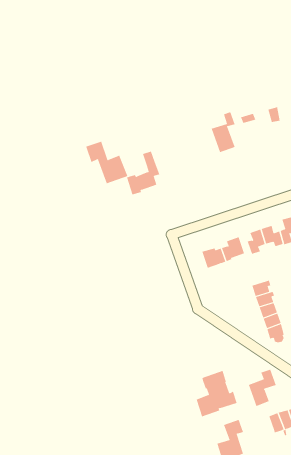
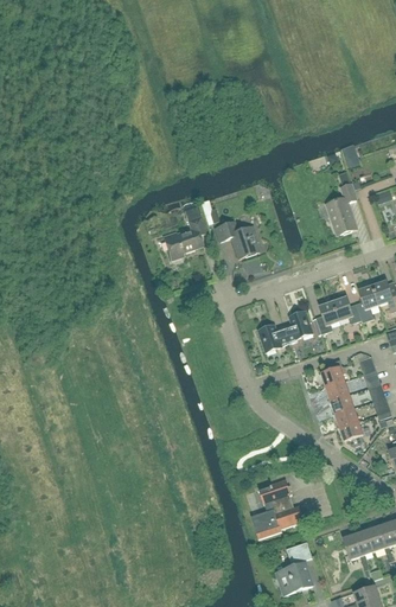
building: [211,111,235,153] -> [326,183,357,235]
building: [86,141,128,184] -> none
building: none -> [215,221,261,257]
building: [248,369,276,407] -> none

